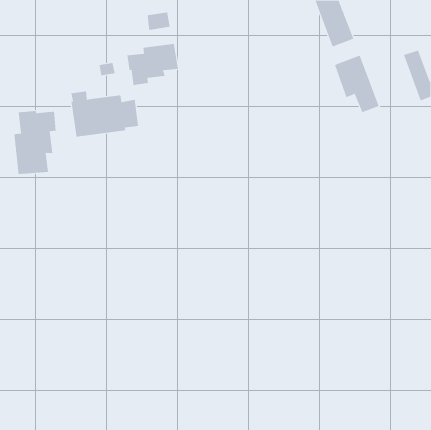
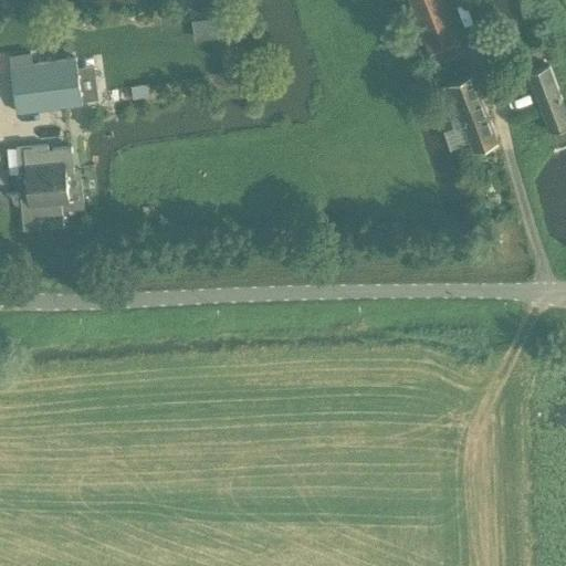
building: [127,43,178,86] -> none
building: [71,91,139,137] -> [10,53,99,114]

